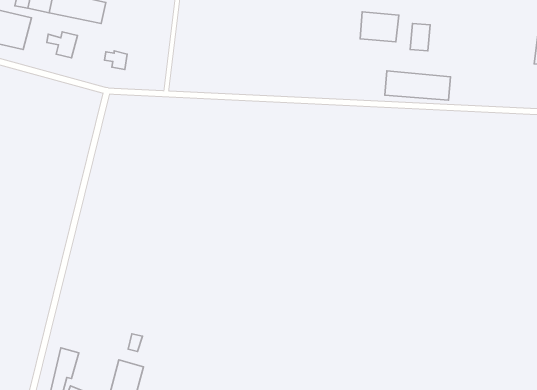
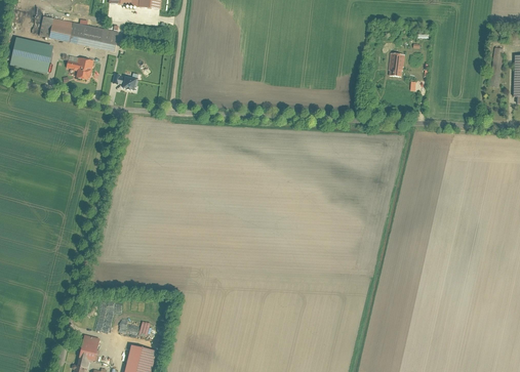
building: [360,12,399,42] -> none
building: [385,71,450,100] -> none

